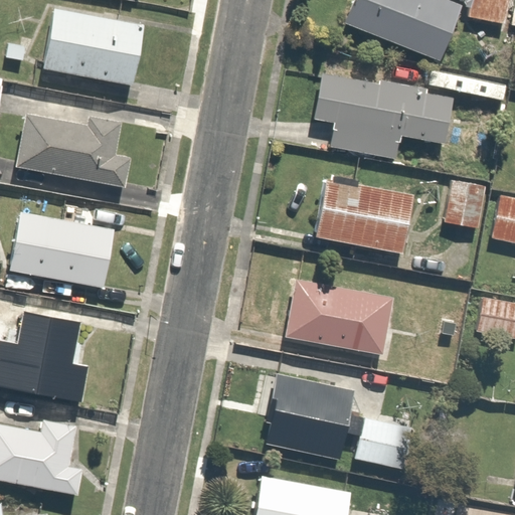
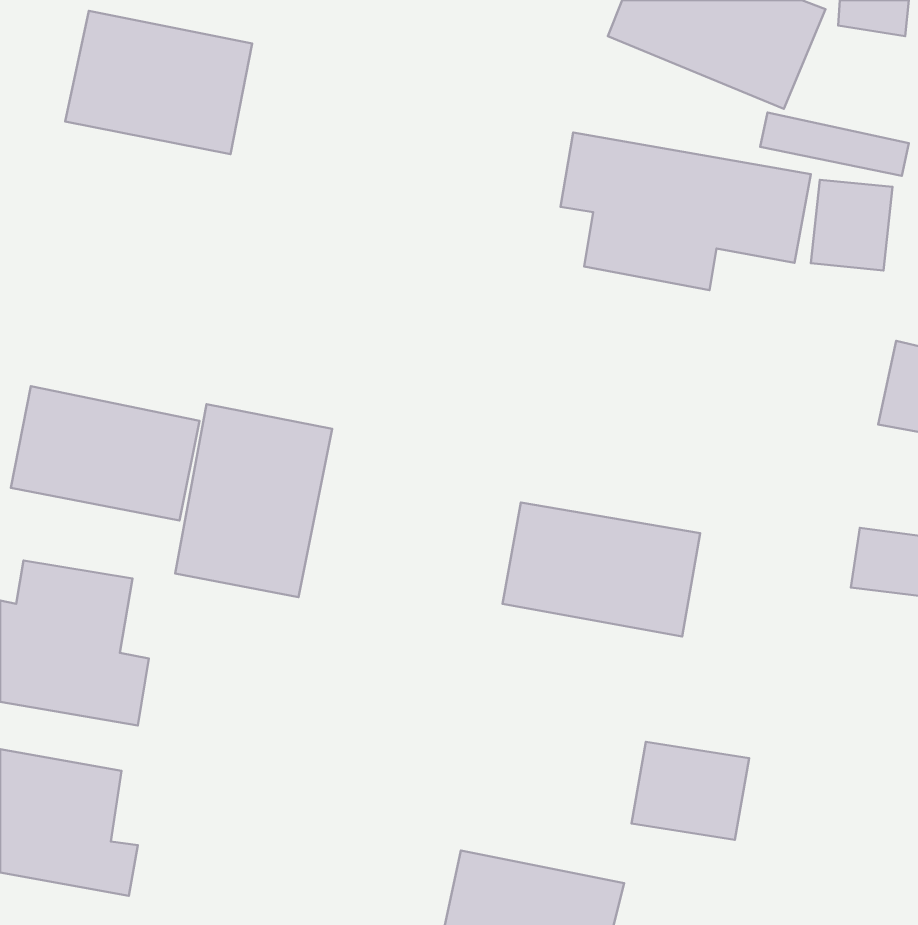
building: [11,108,131,188] -> none
building: [445,175,490,225] -> [811,180,893,270]
building: [315,176,416,256] -> none
building: none -> [175,404,332,597]
building: [263,373,354,460] -> none

